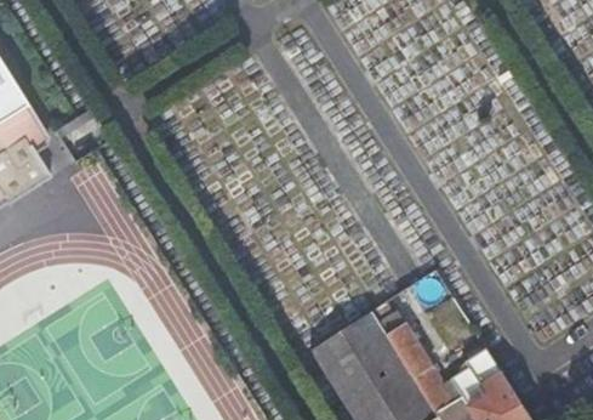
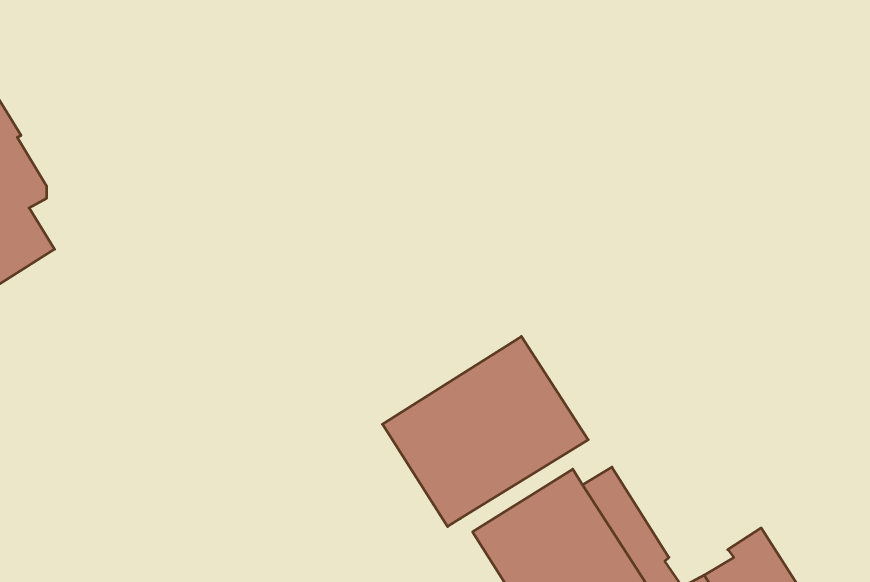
building: none -> [382,336,588,527]

